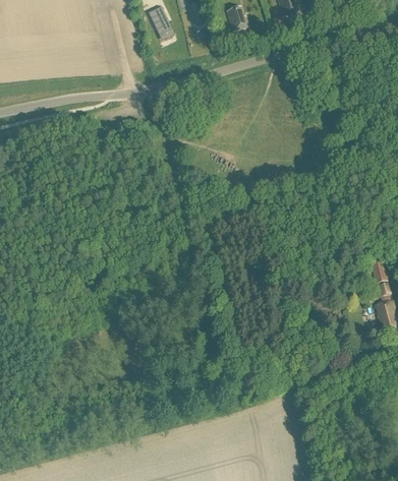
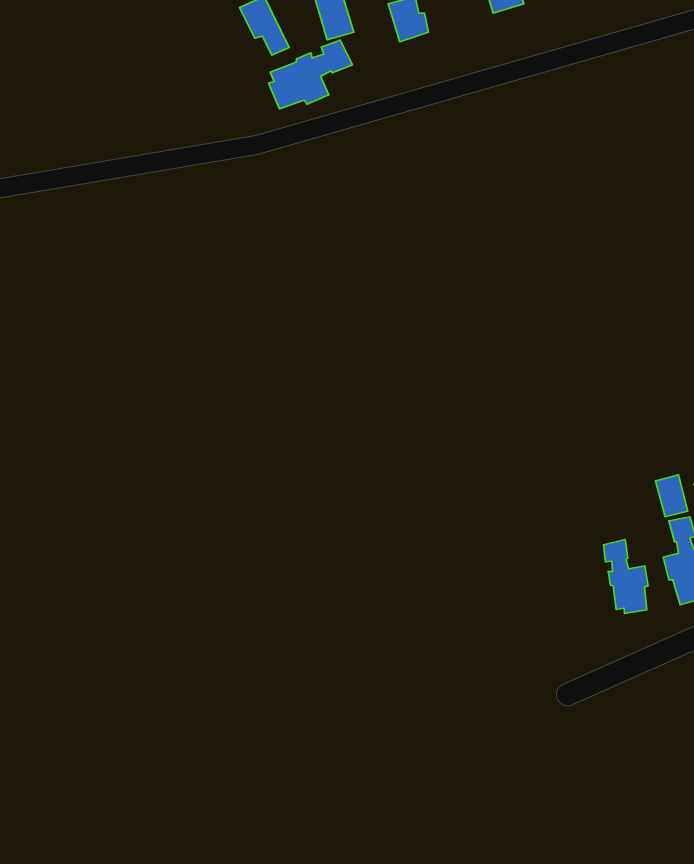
building: none -> [268,40,353,109]
building: none -> [604,540,648,613]

